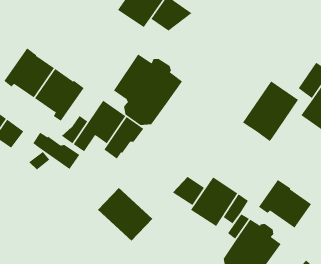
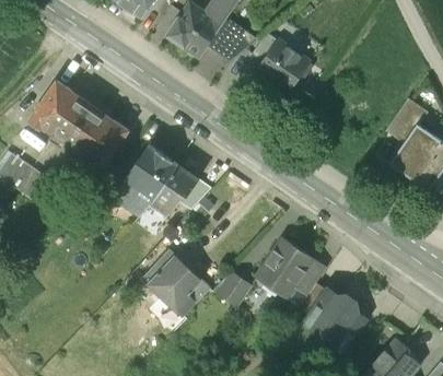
building: none -> [255,40,308,93]
building: [113,54,183,126] -> none
building: [242,81,299,142] -> none
building: [32,132,80,170] -> none
building: [172,176,205,206] -> [212,270,252,306]
building: [258,179,312,229] -> none

